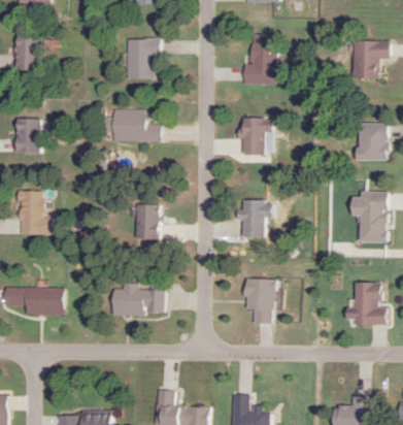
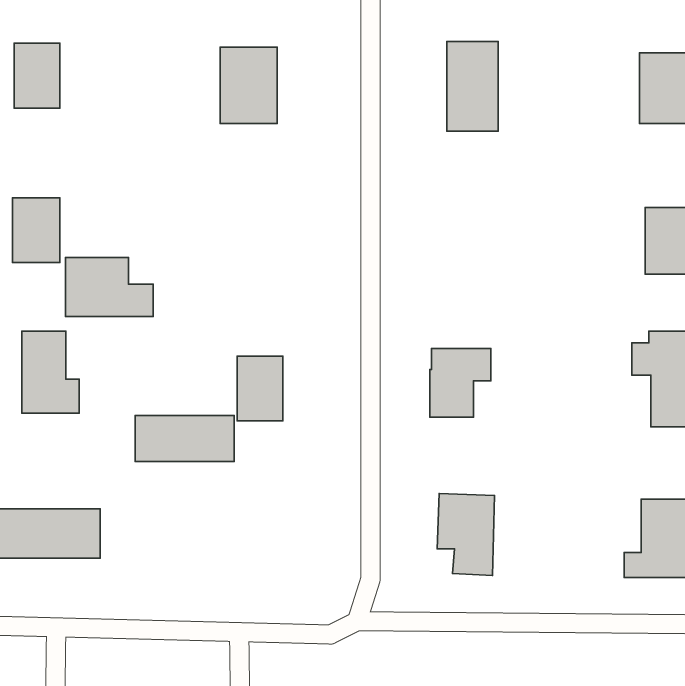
building: [110,109,158,141] -> [66,257,153,317]
building: [240,119,271,155] -> none
building: [109,290,163,315] -> [135,416,234,461]

